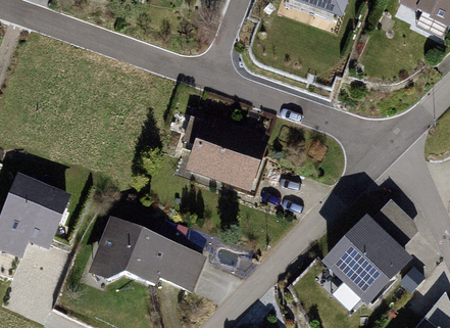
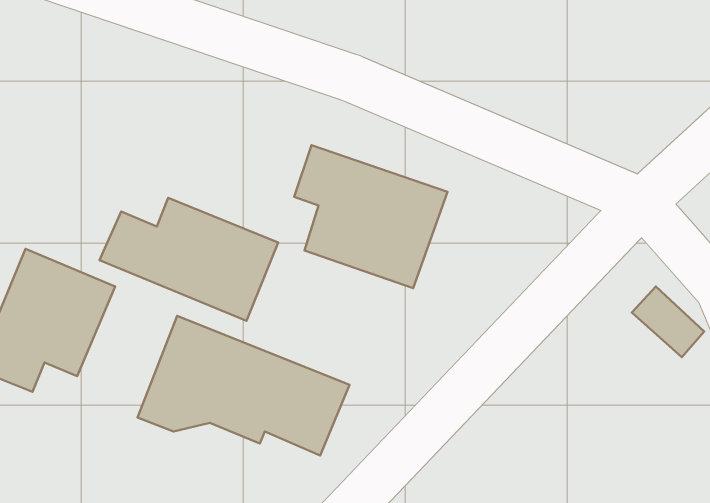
building: none -> [100,198,278,321]
building: [320,215,411,307] -> none

